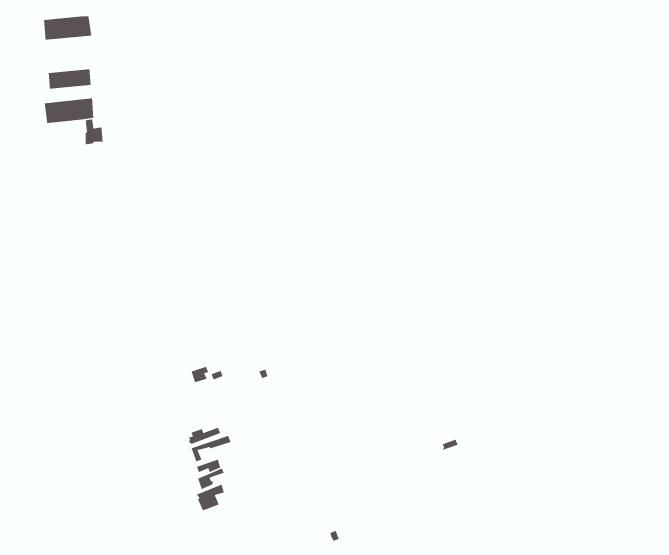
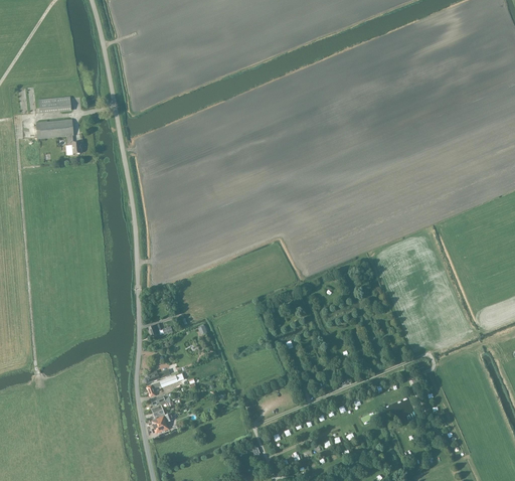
building: [43,15,92,41] -> none

